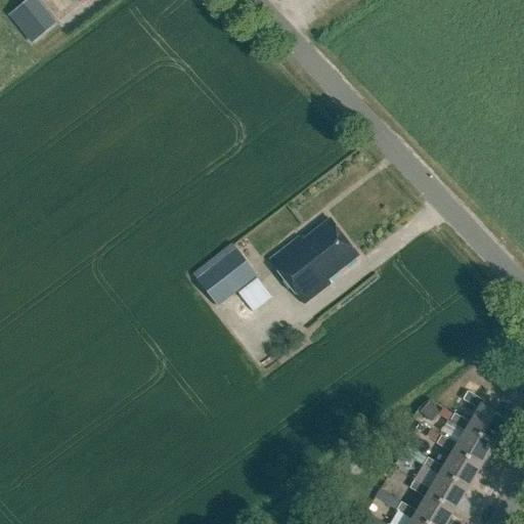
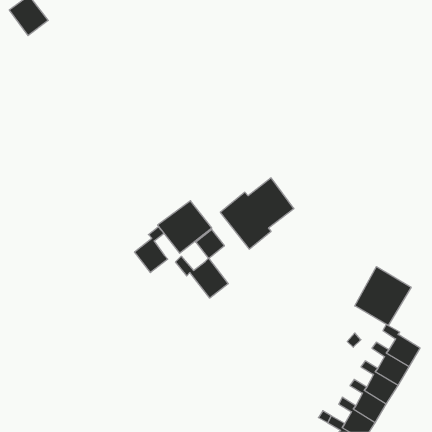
building: none -> [135,227,168,273]
building: none -> [176,256,228,298]
building: none -> [355,267,411,326]

